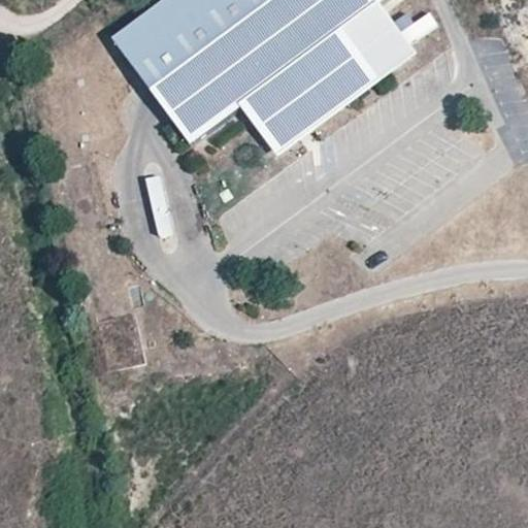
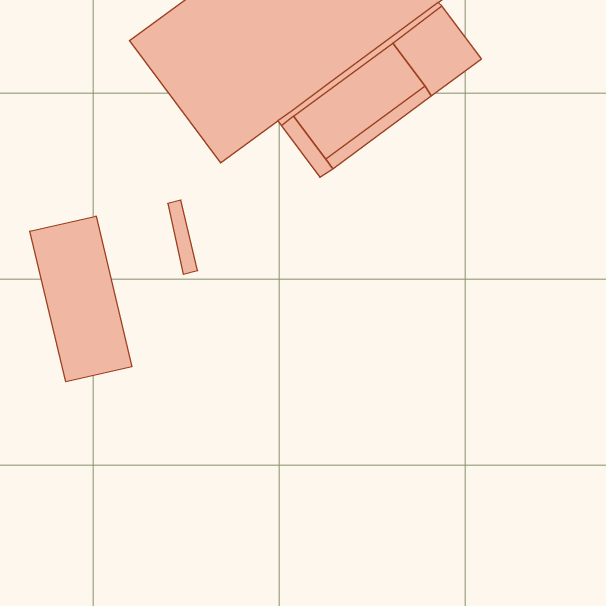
building: none -> [30,216,132,382]

